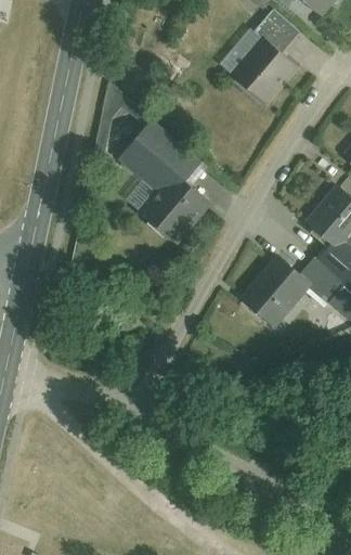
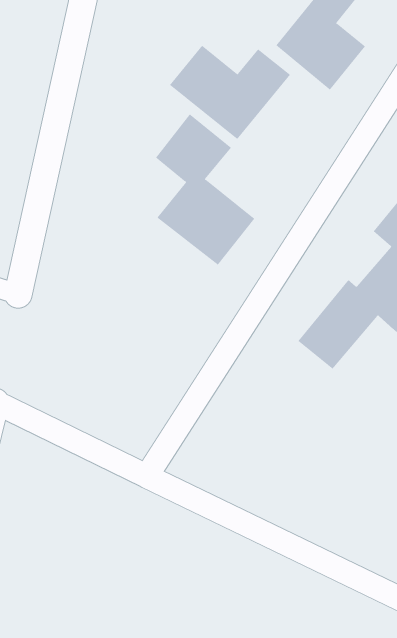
building: none -> [169,45,291,140]

